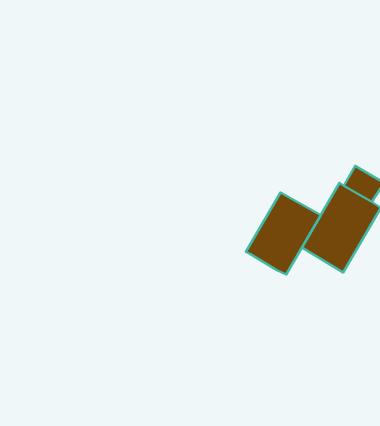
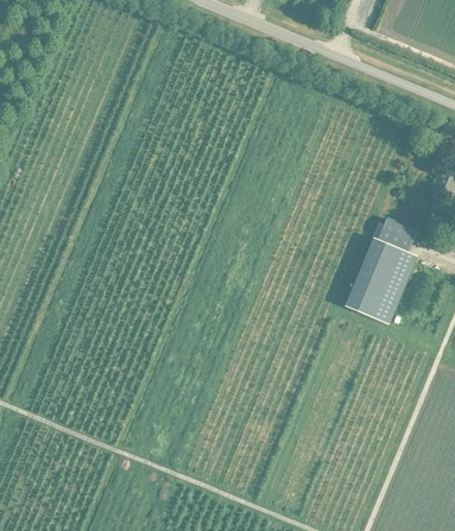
building: [246,193,321,275] -> none

